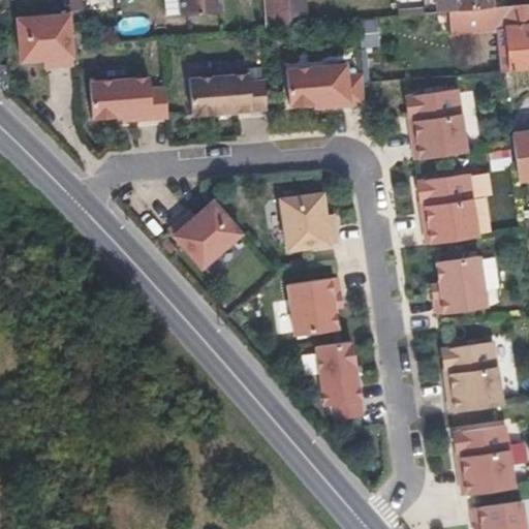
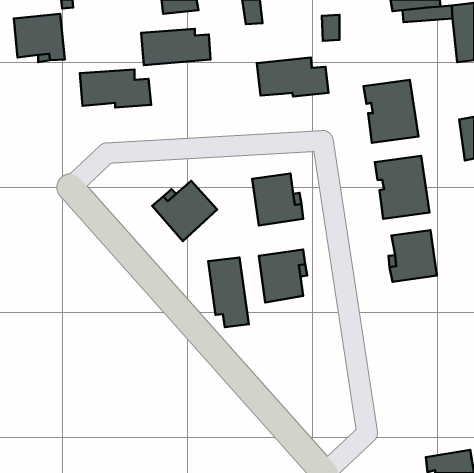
building: [189,74,267,115] -> [141,29,211,65]
building: [317,342,363,419] -> [208,257,249,327]
building: [441,342,503,413] -> none
building: [455,426,516,497] -> none

